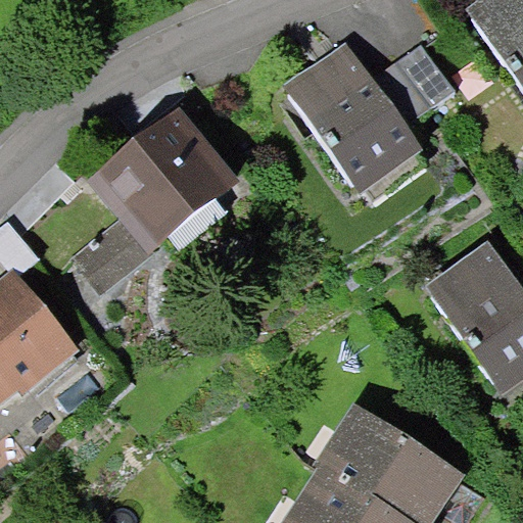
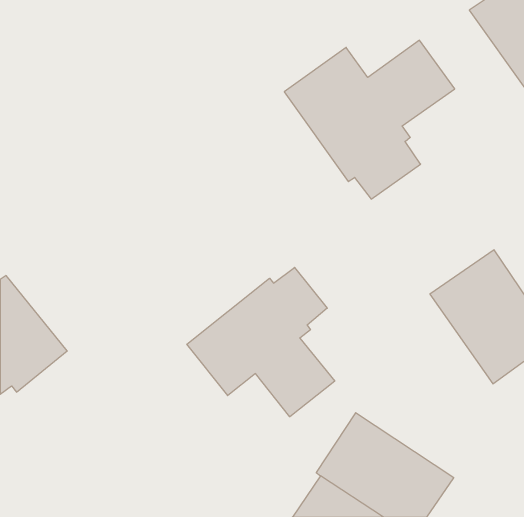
building: [75,117,227,285] -> none
building: none -> [187,267,335,417]

